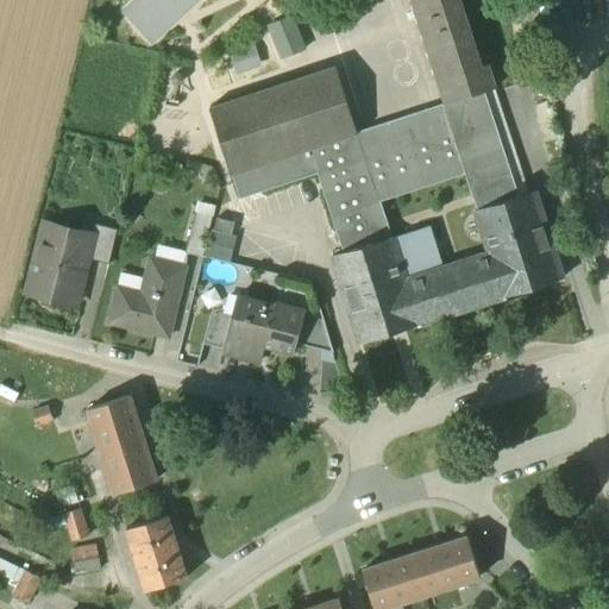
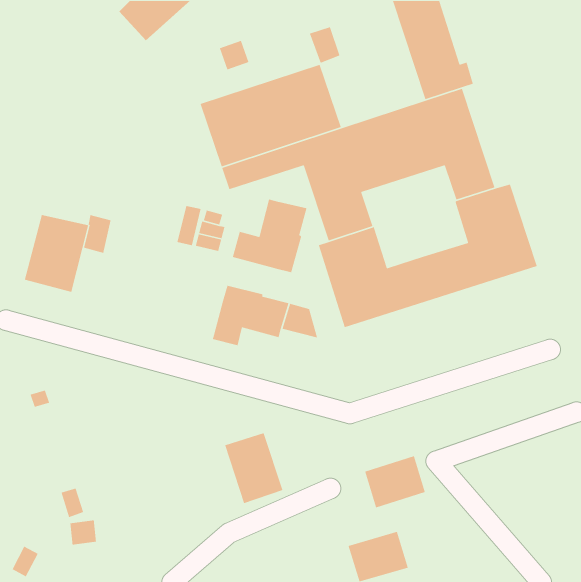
building: [271,18,304,57] -> [309,26,341,64]
building: none -> [232,198,307,273]
building: [391,227,441,280] -> none
building: [108,258,186,338] -> none
building: [202,309,232,350] -> none
building: [88,396,156,492] -> none
building: [125,515,187,590] -> [224,432,284,504]
building: [415,538,479,594] -> [364,455,426,509]

